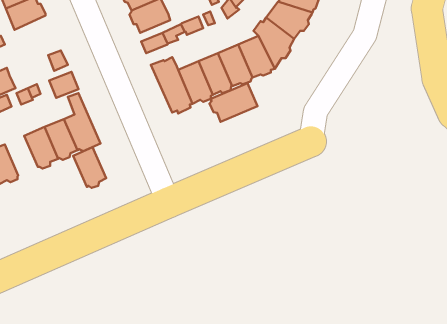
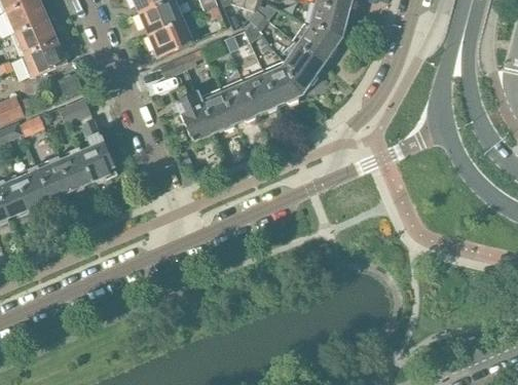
building: none -> [25,39,66,76]
building: [209,83,257,122] -> none
building: [73,147,106,188] -> [14,166,49,209]

